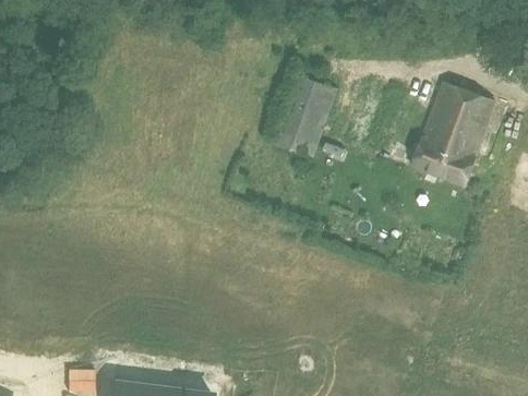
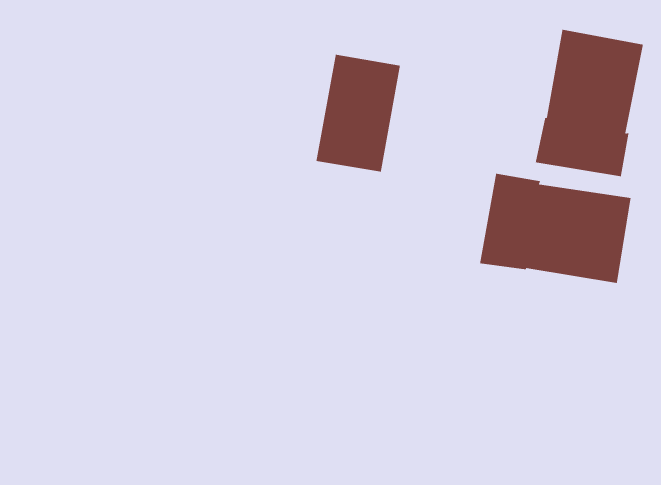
building: none -> [479,173,631,284]

